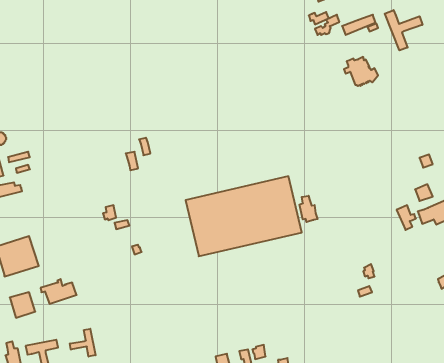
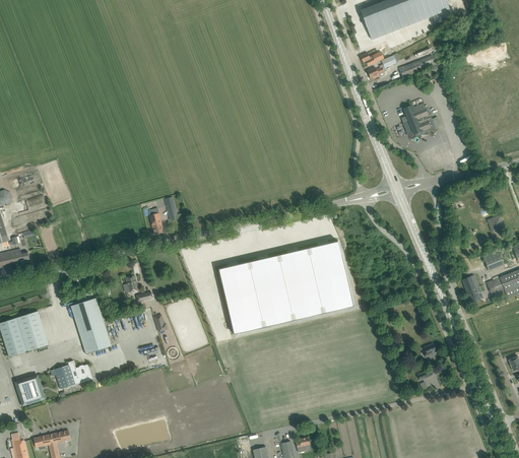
building: [385,10,422,50] -> none
building: [299,196,318,222] -> none
building: none -> [71,297,112,353]
building: [70,329,96,357] -> none

